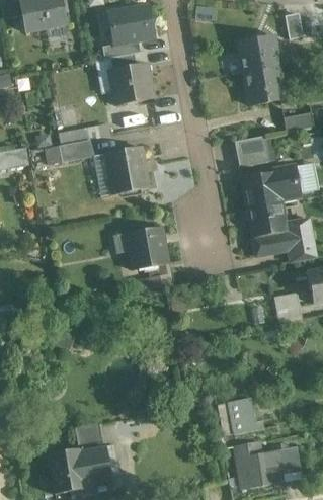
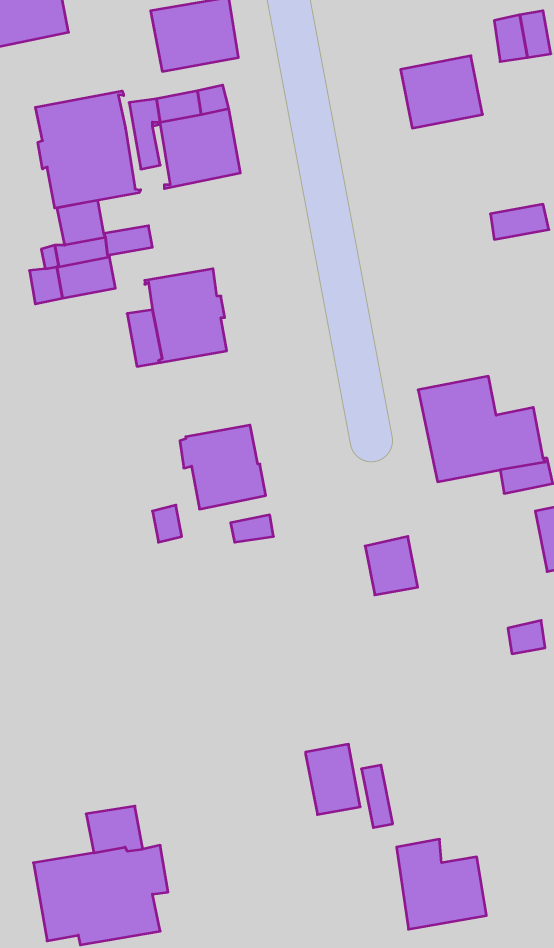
building: none -> [35,91,141,208]
building: [244,66,287,105] -> none
building: [235,135,269,166] -> none
building: [242,165,301,209] -> none
building: [275,291,303,322] -> [365,536,418,595]
building: [228,398,256,434] -> [306,744,360,815]
building: [277,446,301,481] -> none

